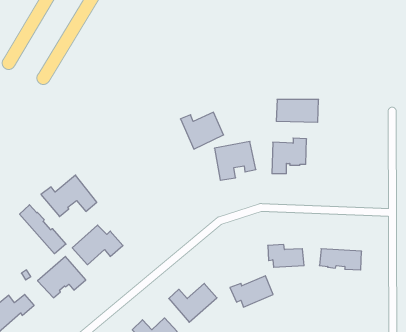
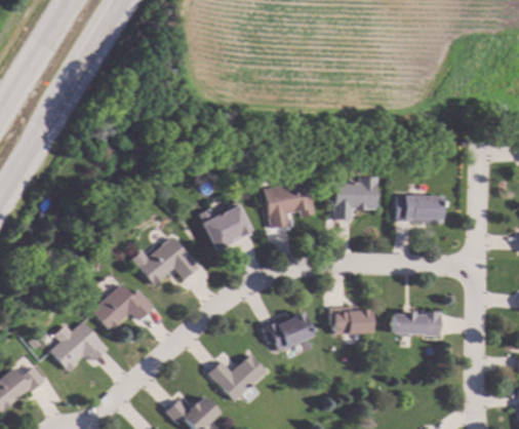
building: [276,99,319,122] -> [394,195,445,223]
building: [180,112,224,149] -> [199,205,251,250]
building: [41,175,97,217] -> [130,236,198,286]
building: [20,205,66,254] -> none
building: [230,276,273,307] -> [261,312,313,350]

